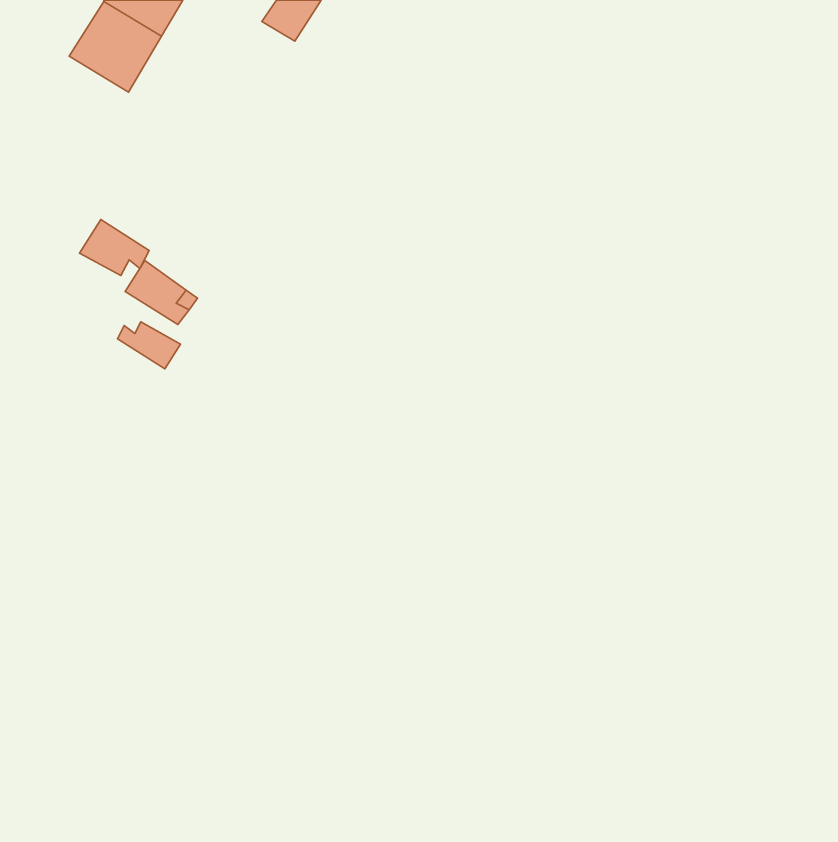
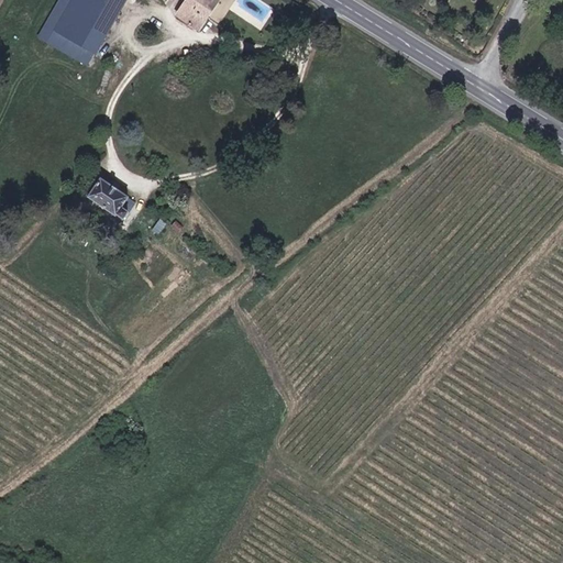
building: [80,220,149,275] -> none
building: [118,322,181,369] -> none

